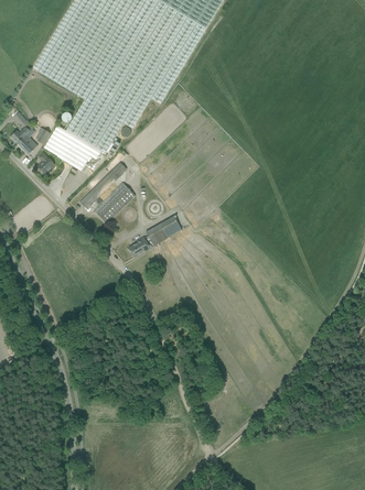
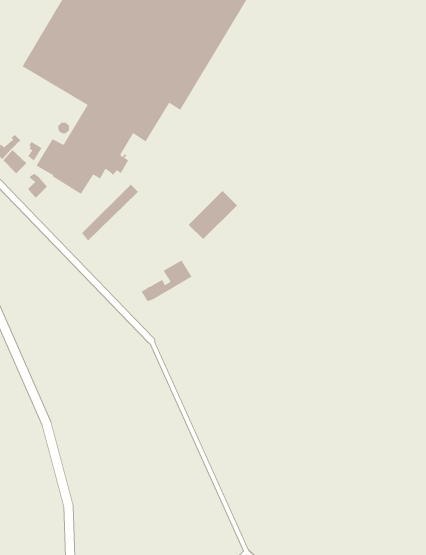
building: [95,182,135,221] -> [188,190,238,240]

